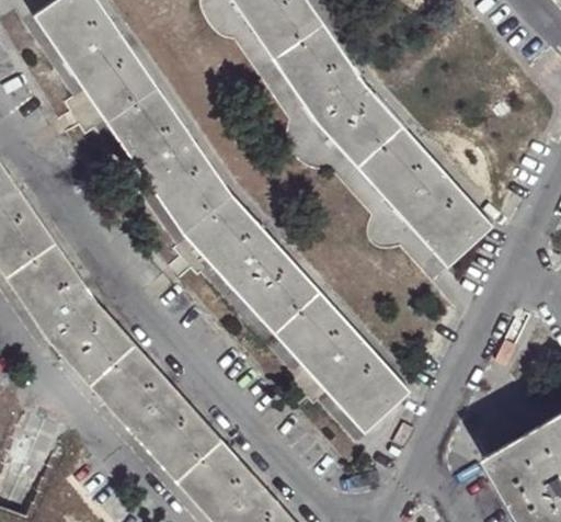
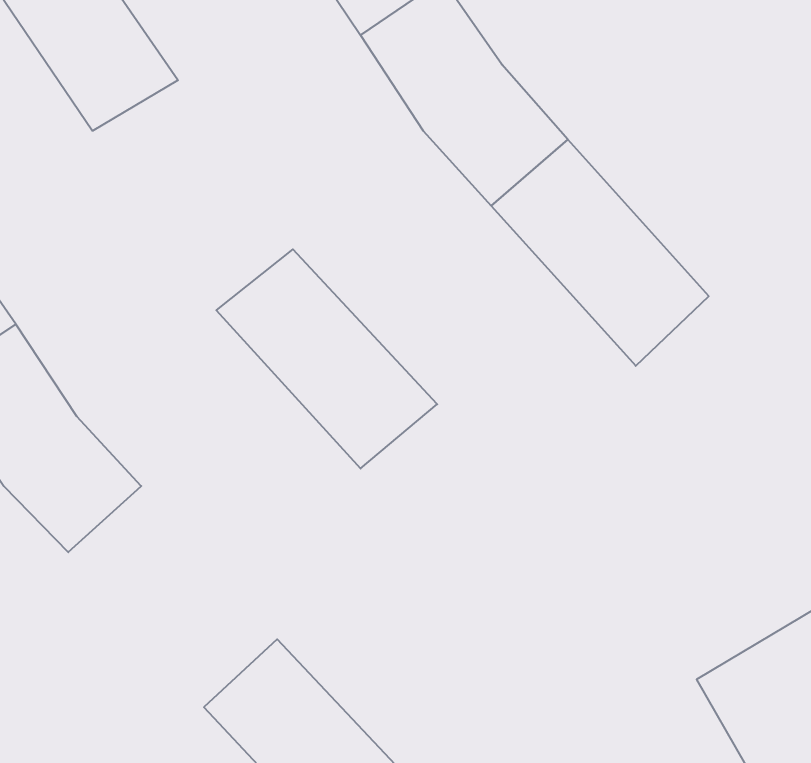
building: [104,88,230,232] -> none
building: [273,292,410,435] -> none
building: [89,343,220,483] -> none

